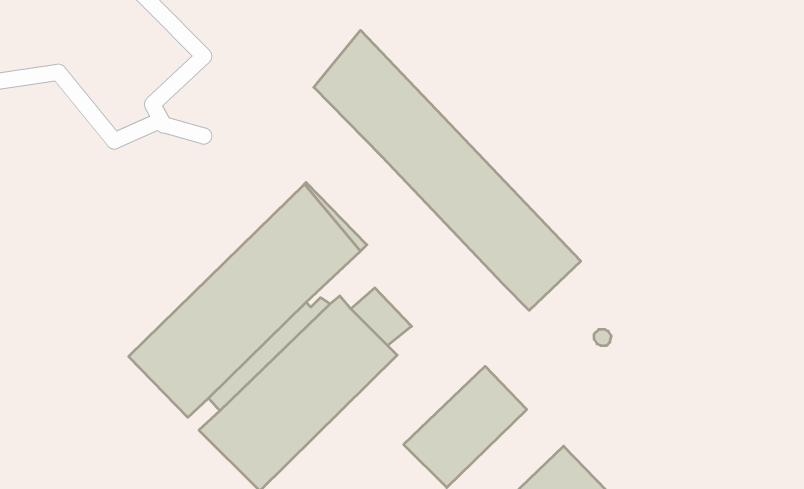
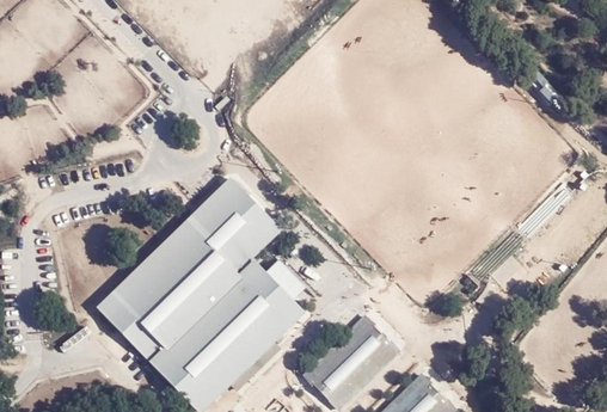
building: [314,30,581,310] -> none

